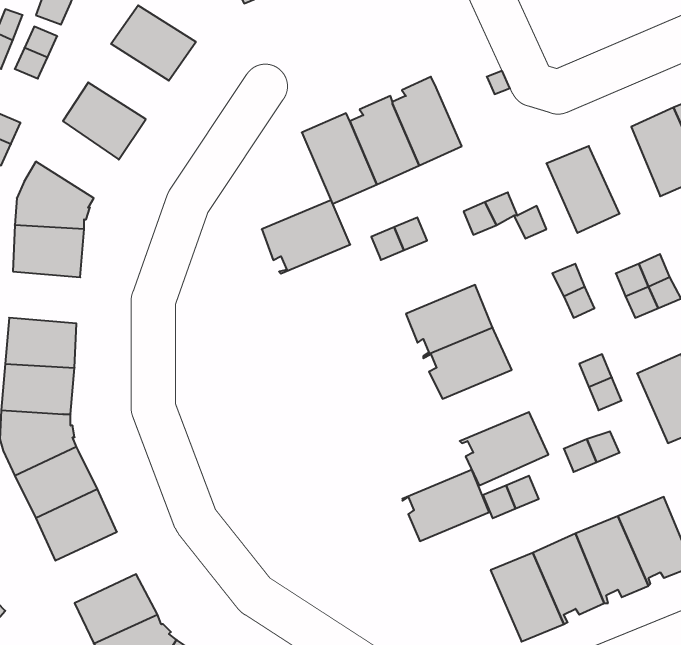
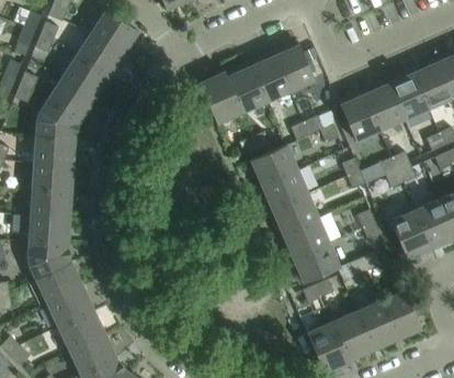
building: none -> [78,33,124,76]
building: none -> [275,42,315,91]
building: none -> [48,77,95,121]
building: none -> [363,80,404,130]
building: [262,200,350,274] -> [248,145,298,187]
building: none -> [33,163,73,192]
building: [402,470,489,541] -> [280,219,329,259]
building: none -> [59,311,105,352]

